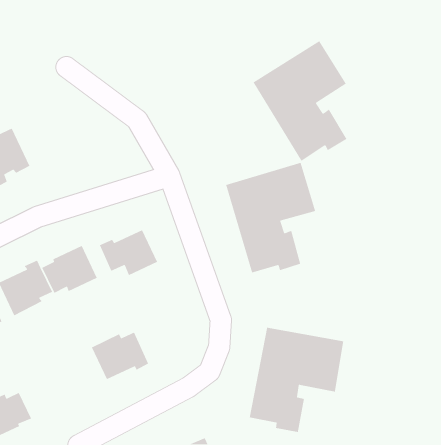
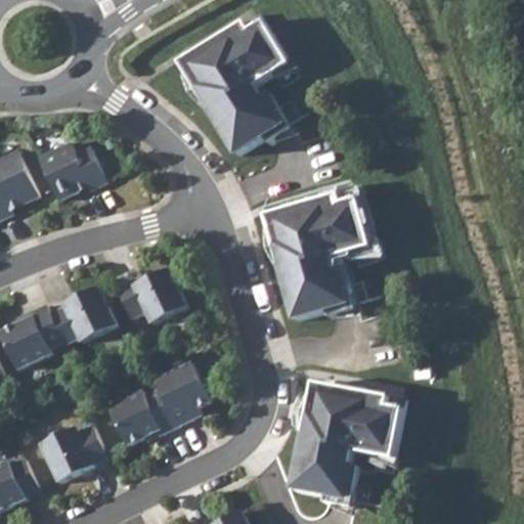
building: [252,40,348,162] -> [178,13,290,156]
building: none -> [40,131,101,200]
building: none -> [152,361,208,426]
building: none -> [39,426,105,483]

